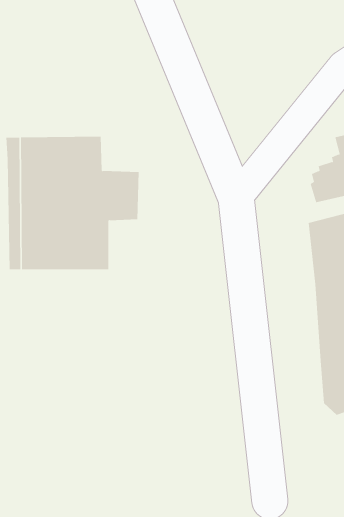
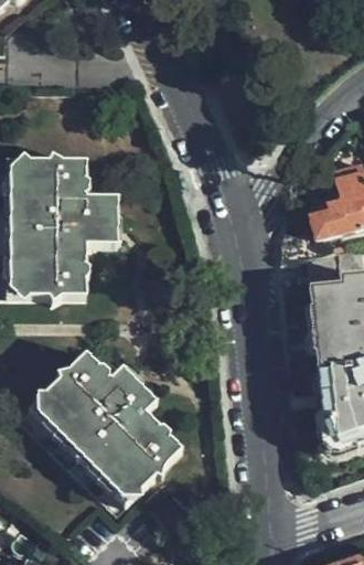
building: none -> [21,344,179,502]

